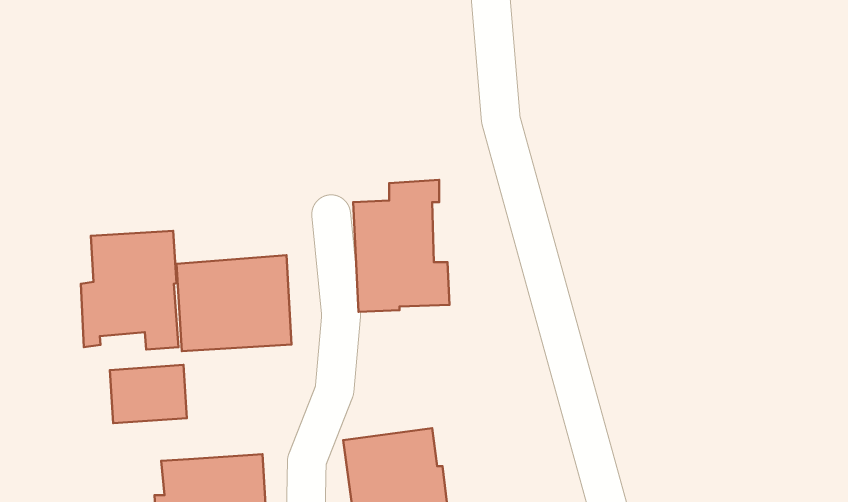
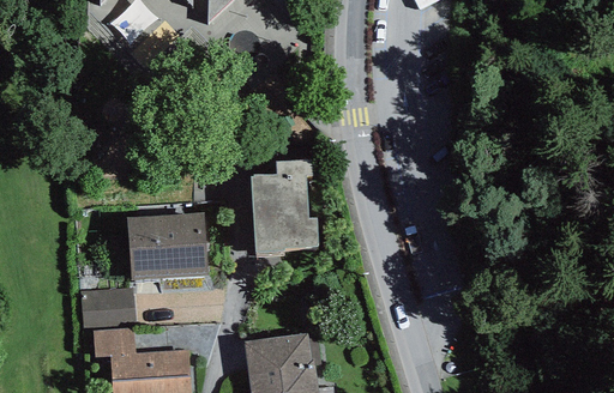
building: [81,231,178,349] -> none
building: none -> [91,327,137,357]

